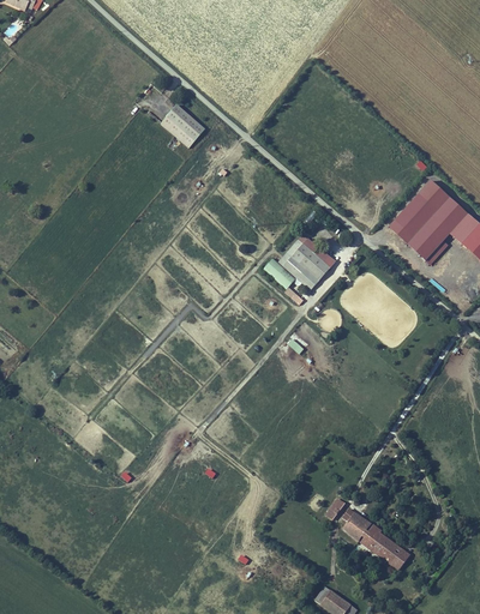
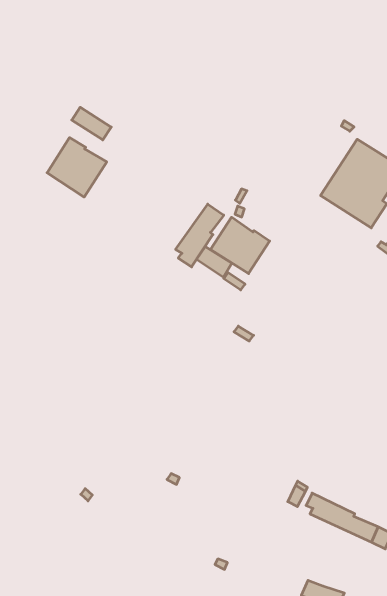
building: none -> [47,138,107,197]
building: none -> [176,204,224,267]

